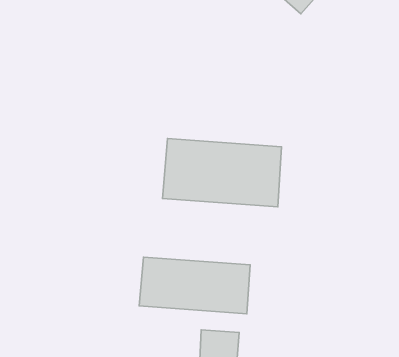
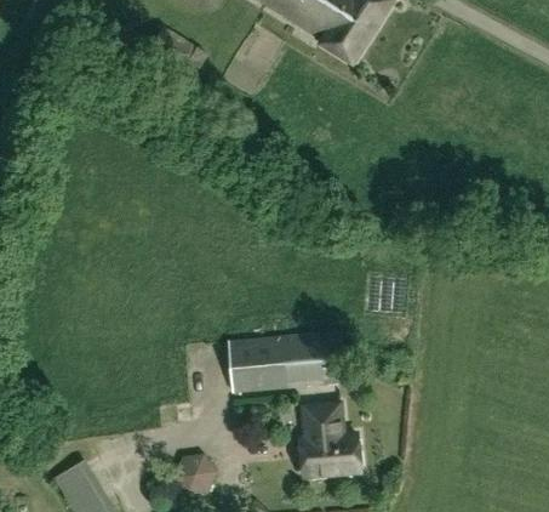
building: [163,138,281,207] -> none

